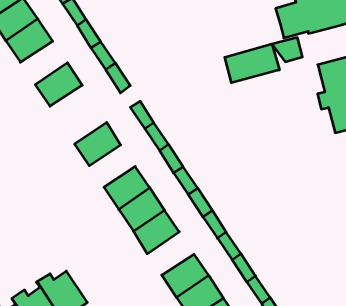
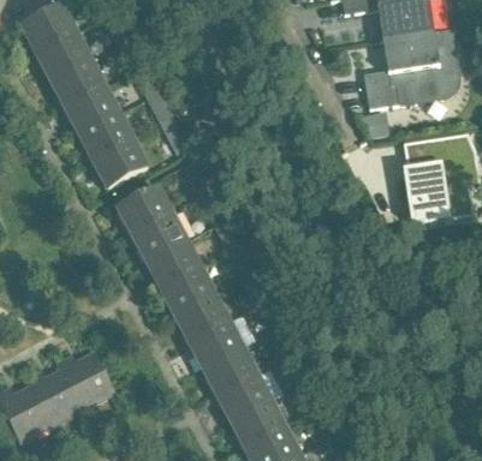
building: none -> [65,86,119,134]
building: [225,44,279,83] -> none
building: none -> [94,140,148,188]
building: none -> [132,214,185,261]
building: none -> [189,321,243,369]

